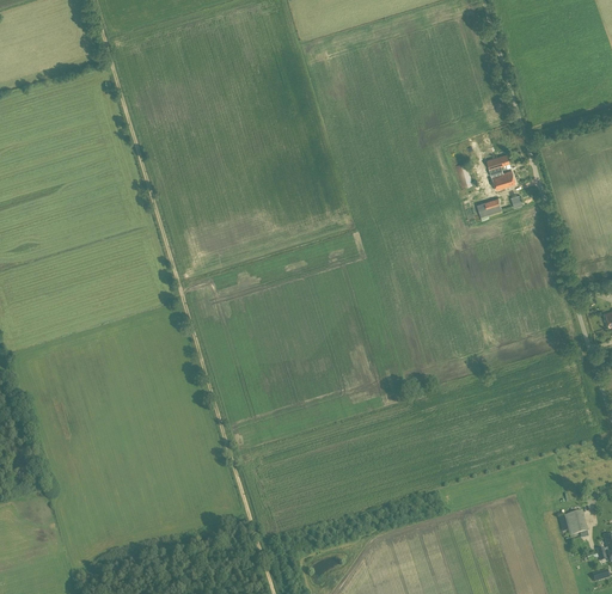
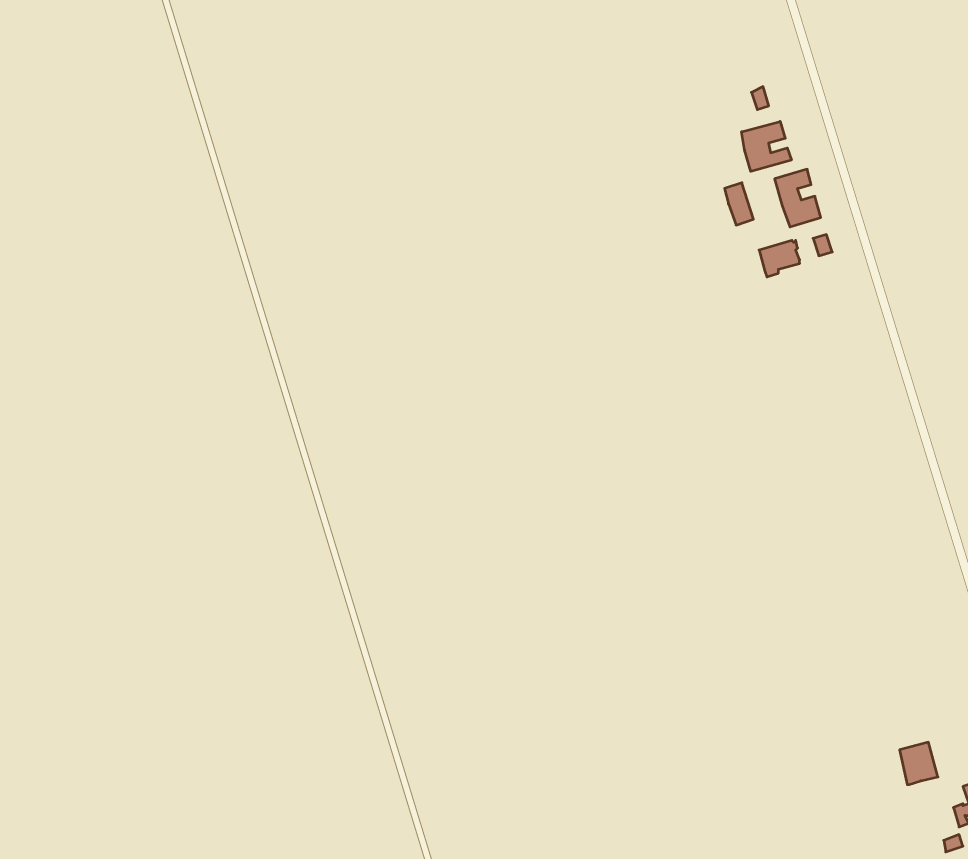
building: none -> [742,121,791,171]

